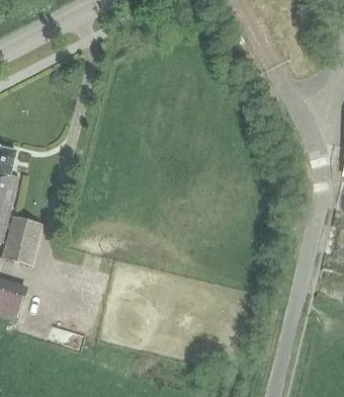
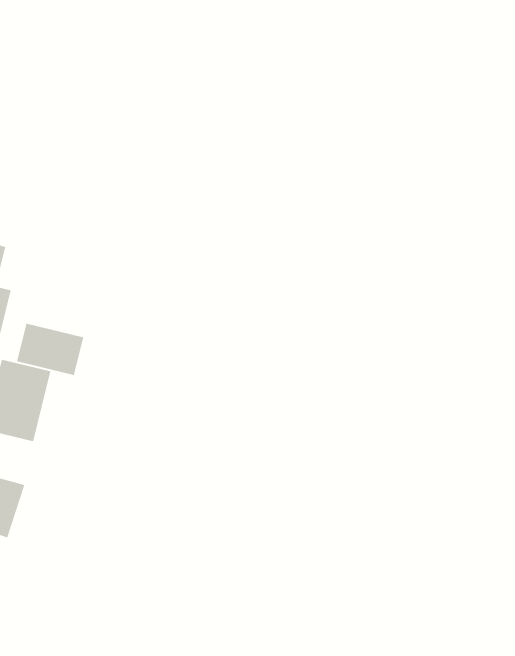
building: none -> [16,323,84,376]

